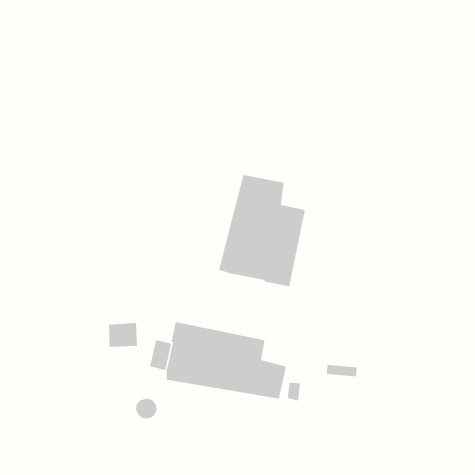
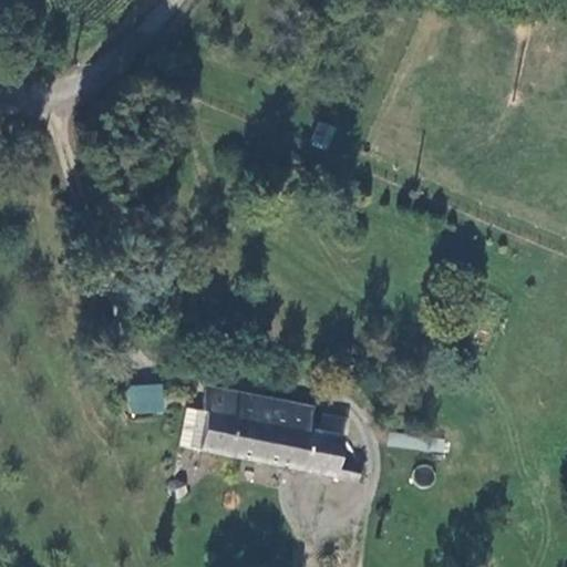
building: [218,174,306,287] -> none

